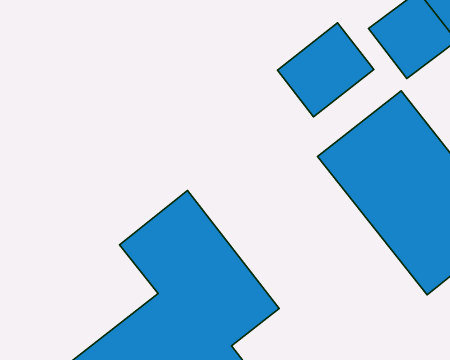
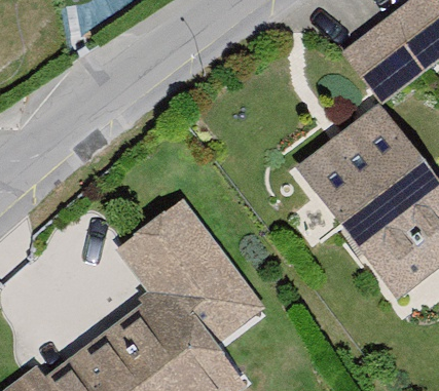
building: [278,23,374,117] -> none

